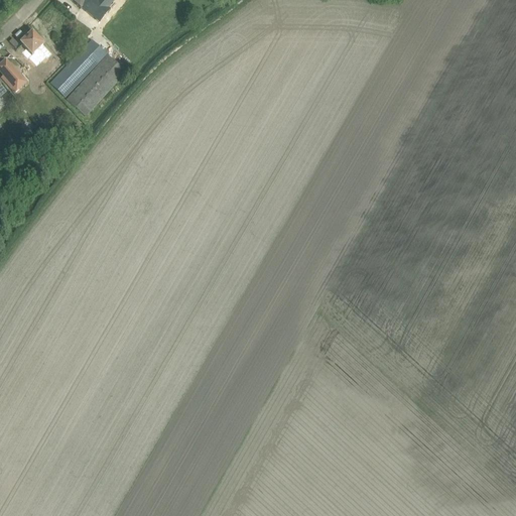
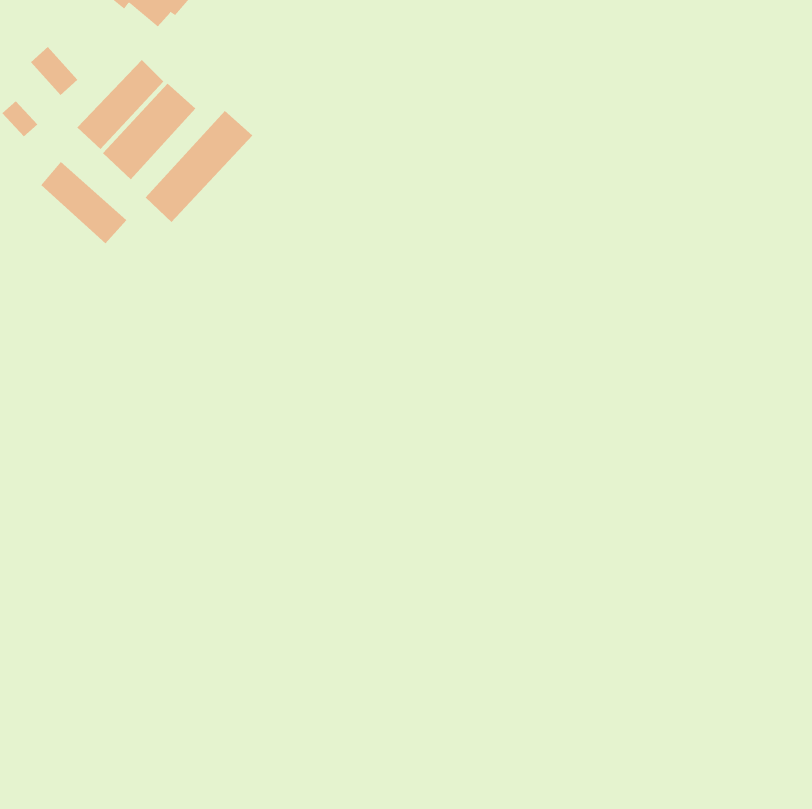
building: none -> [145,110,253,223]
building: none -> [41,161,127,244]

